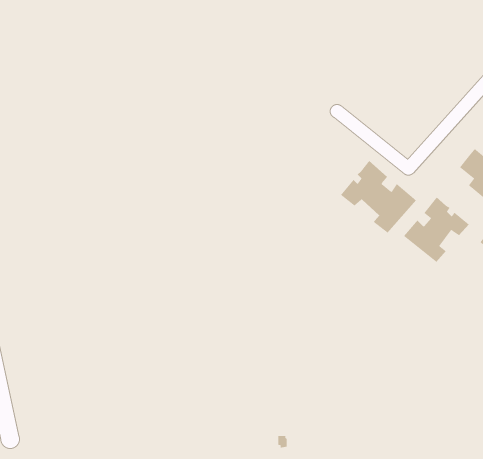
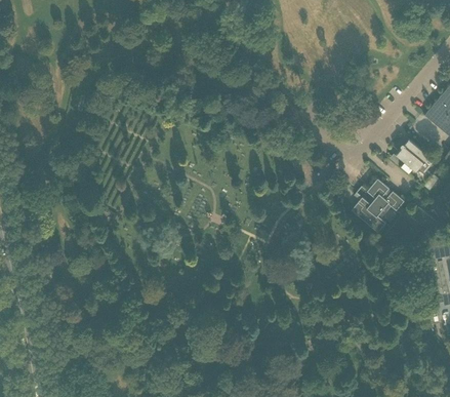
building: [340,160,417,234] -> none

